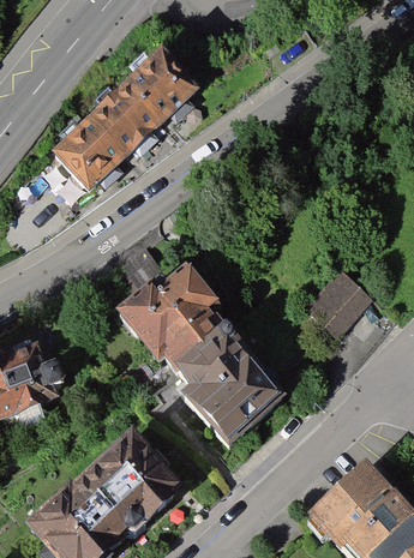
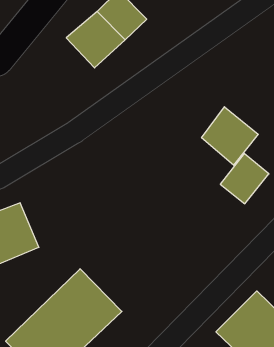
building: [62,103,138,181] -> none
building: none -> [202,107,258,165]
building: [104,241,265,436] -> none

